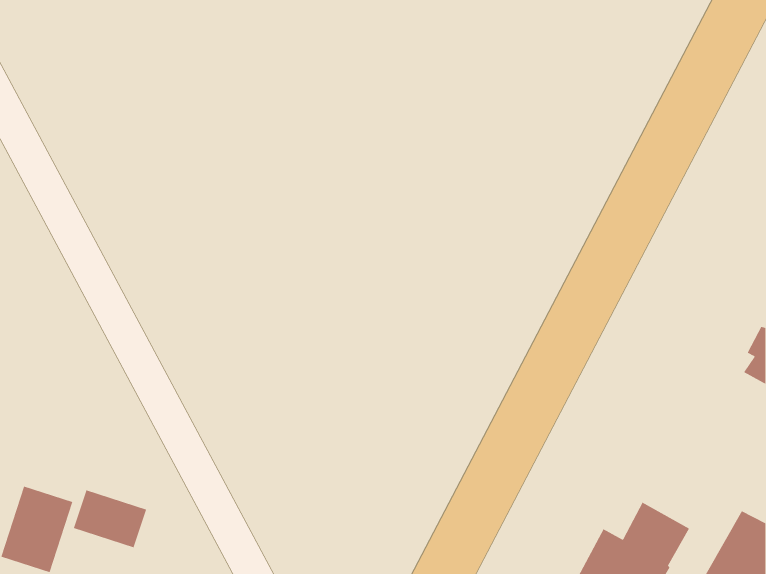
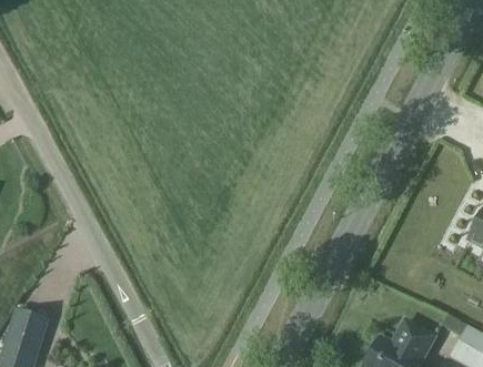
building: [73,489,147,548] -> none

